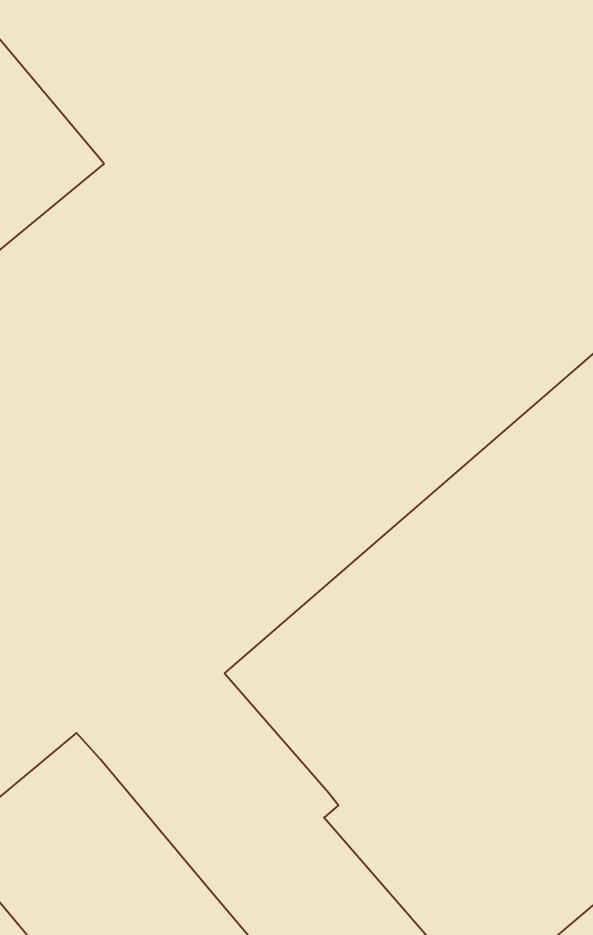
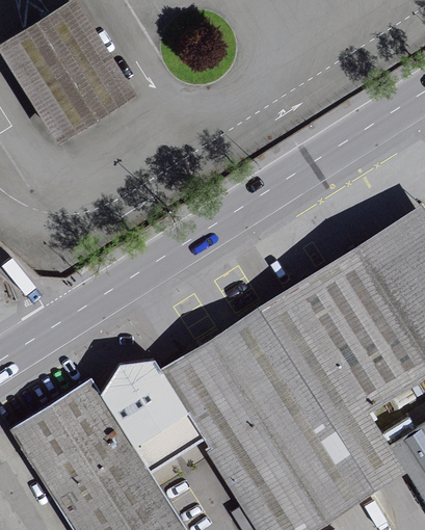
building: none -> [97,355,212,477]

